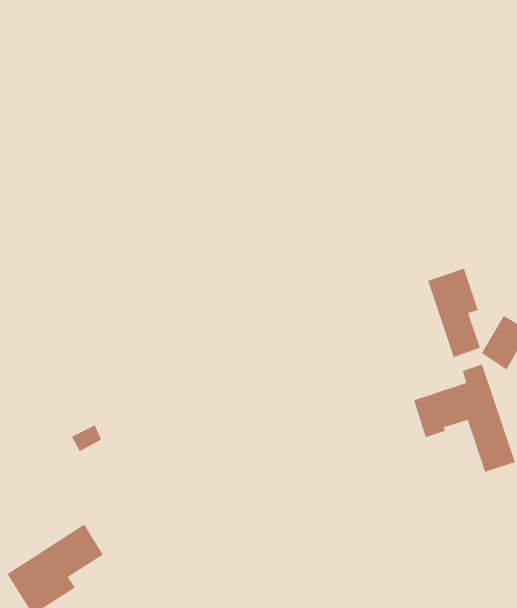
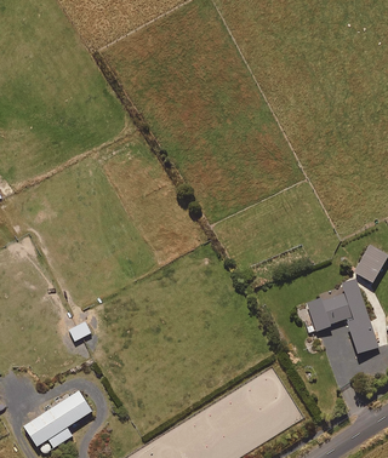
building: [427,268,481,358] -> none

